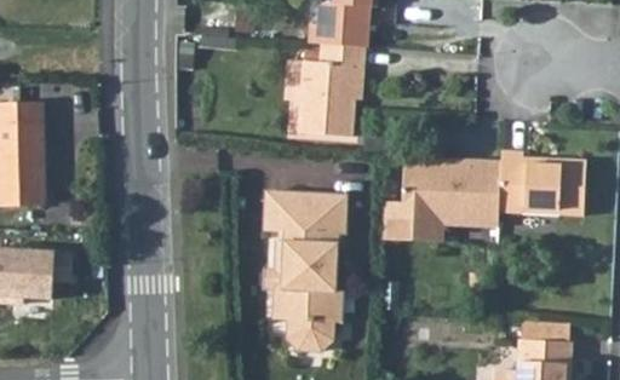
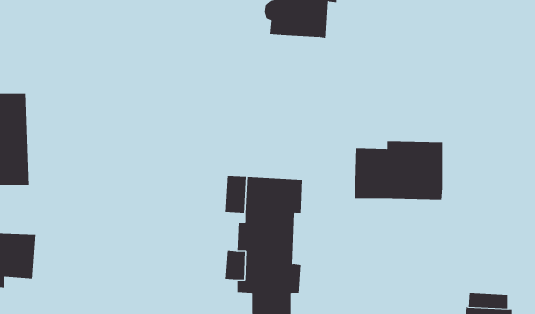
building: [297,41,361,132] -> none
building: [495,145,580,209] -> none
building: [380,198,440,238] -> none

